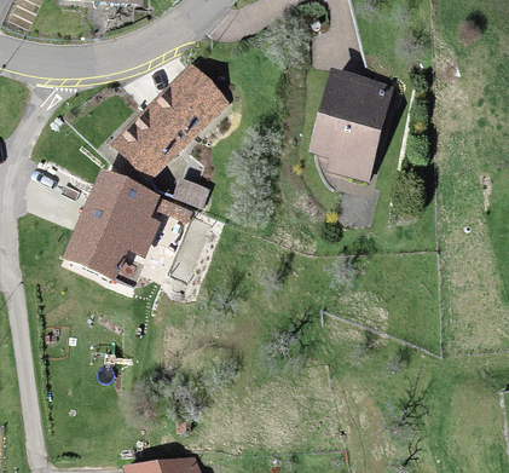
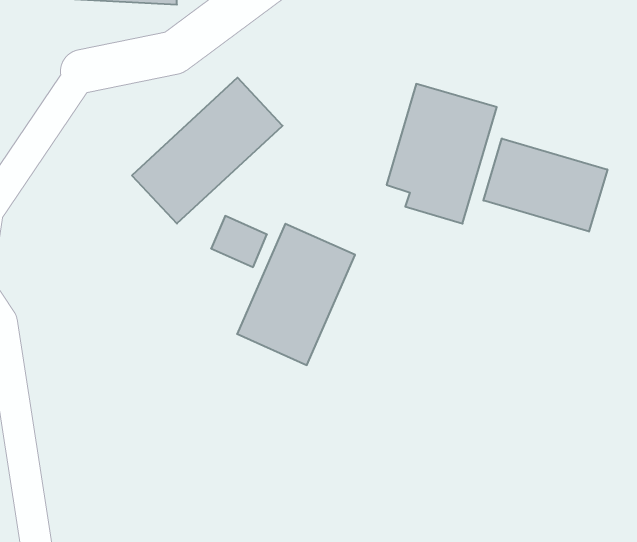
building: none -> [483,138,607,232]
building: [68,174,160,284] -> [237,224,355,365]

